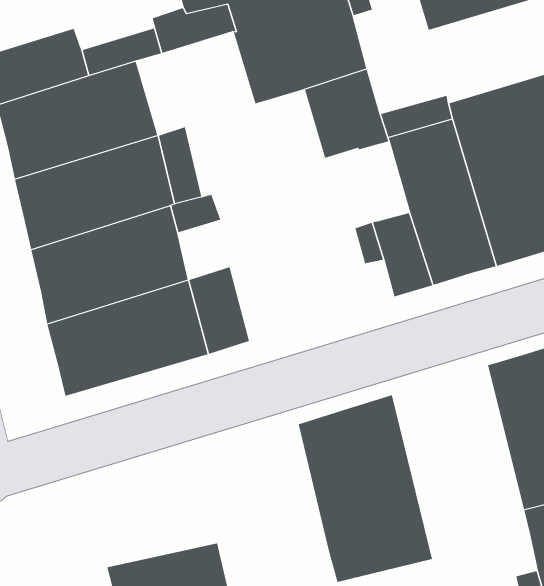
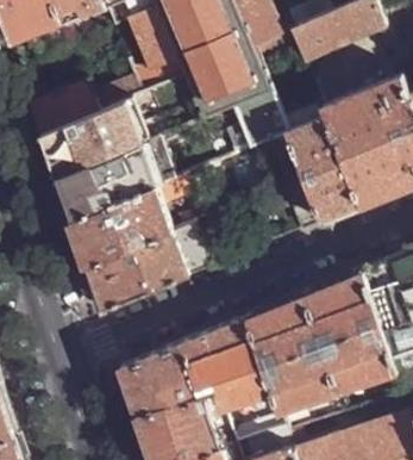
building: none -> [302,269,395,393]
building: none -> [118,317,271,417]

